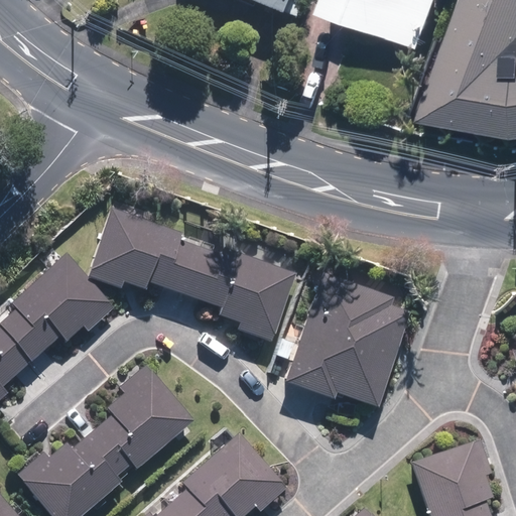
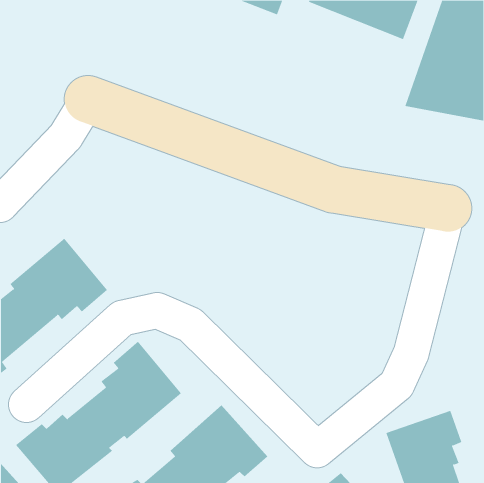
building: [88,208,294,341] -> none
building: [285,266,414,407] -> none

